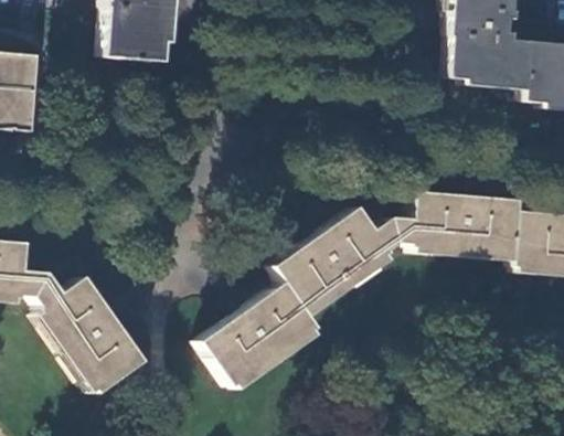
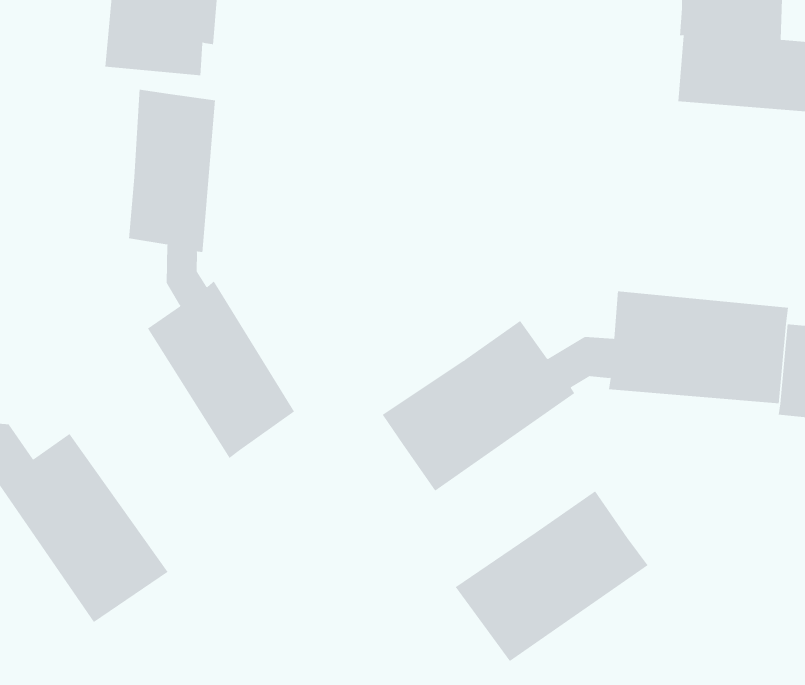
building: none -> [128,89,295,459]
building: [201,284,318,387] -> [455,491,648,662]

